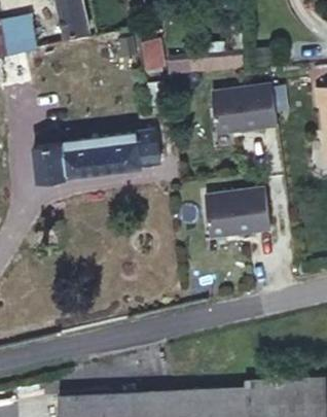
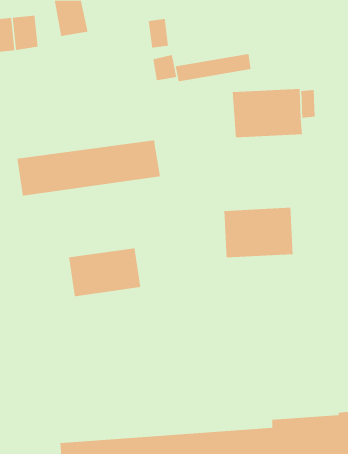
building: none -> [68,247,141,297]

